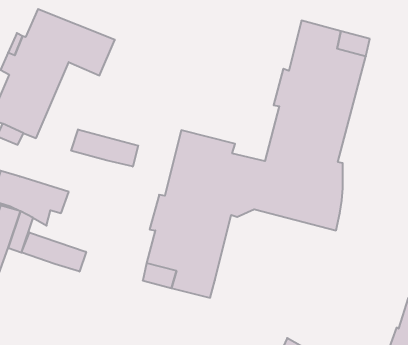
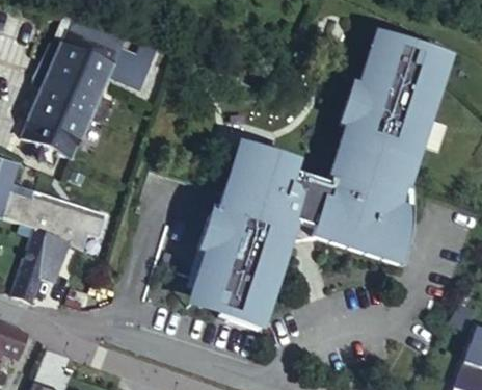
building: [71,129,138,167] -> none
building: [22,232,86,272] -> none

